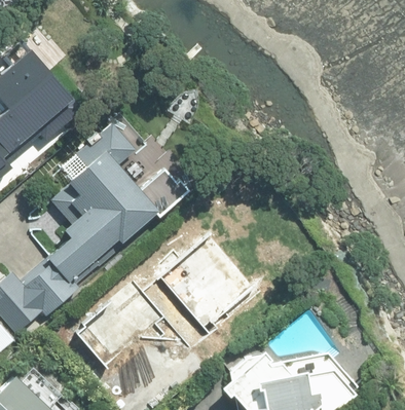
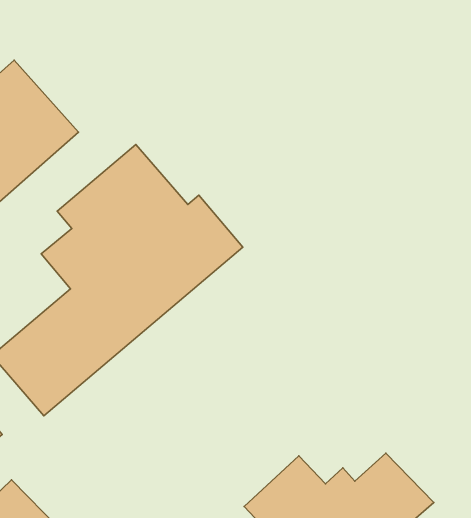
building: [76,230,250,368] -> none

